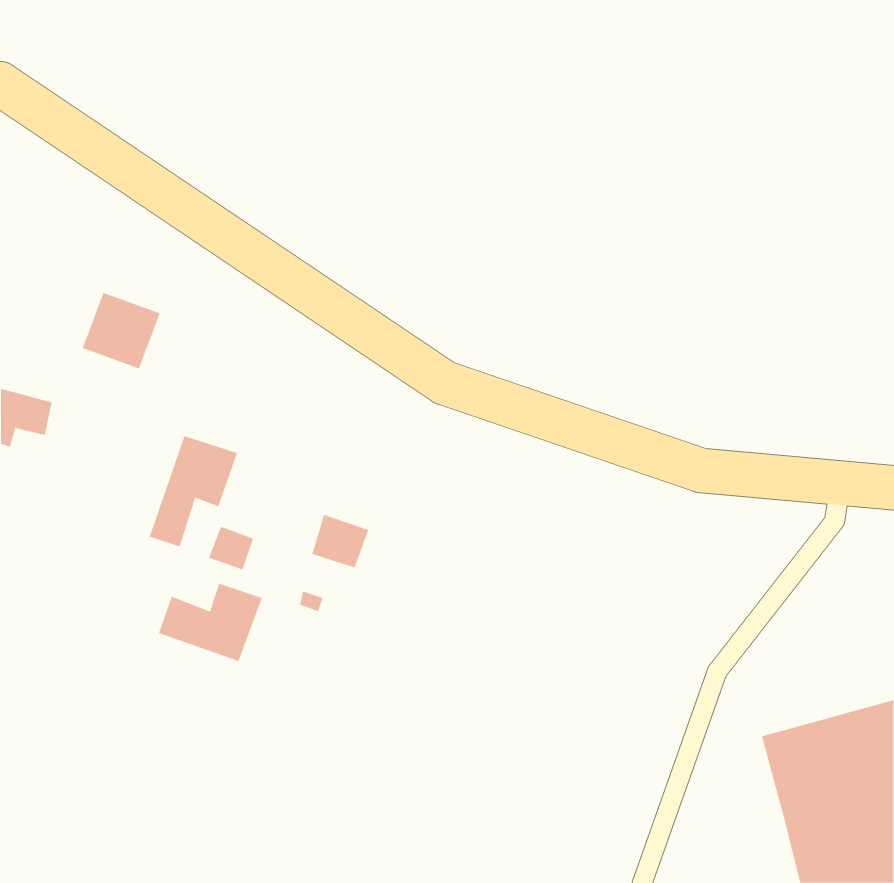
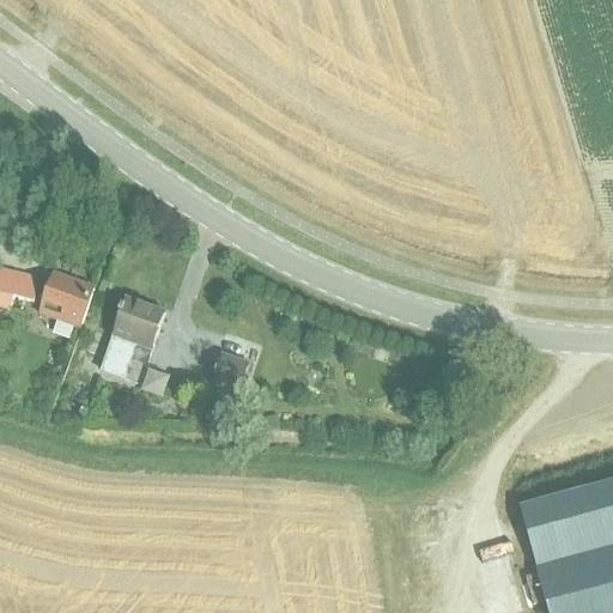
building: [82,292,161,369] -> [38,272,92,324]
building: [158,583,262,662] -> none

